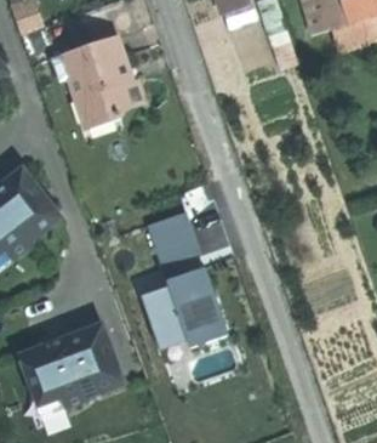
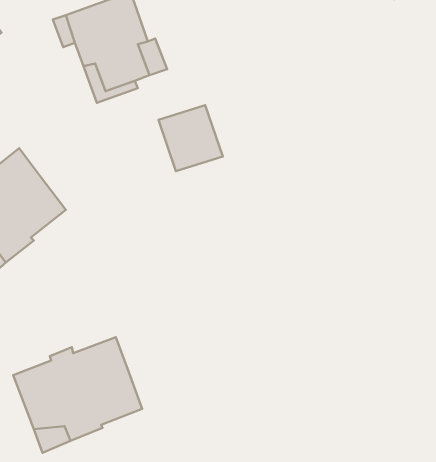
building: [144,205,198,260] -> [158,105,223,171]
building: [131,262,221,348] -> none

